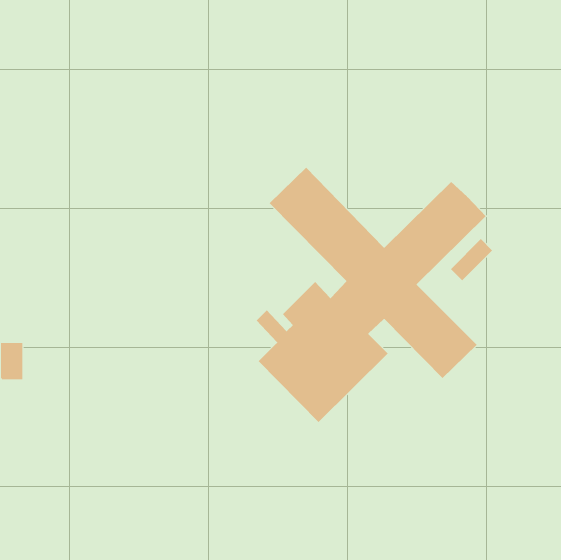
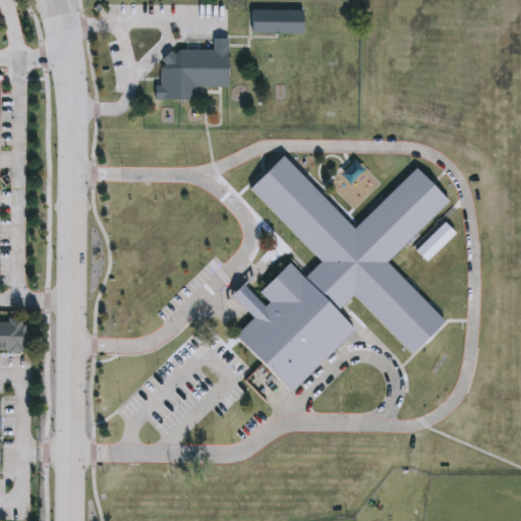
building: none -> [246,9,300,33]
building: none -> [151,38,226,99]

